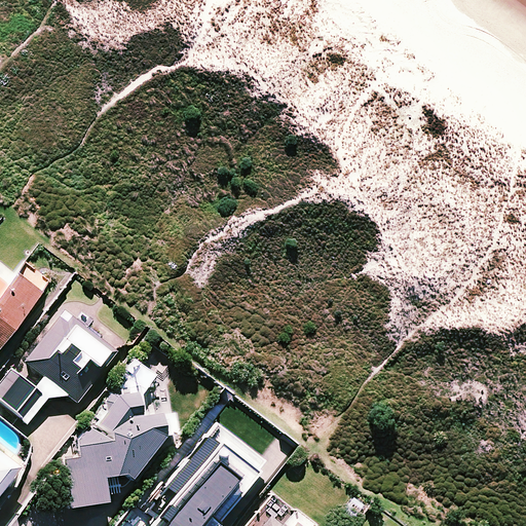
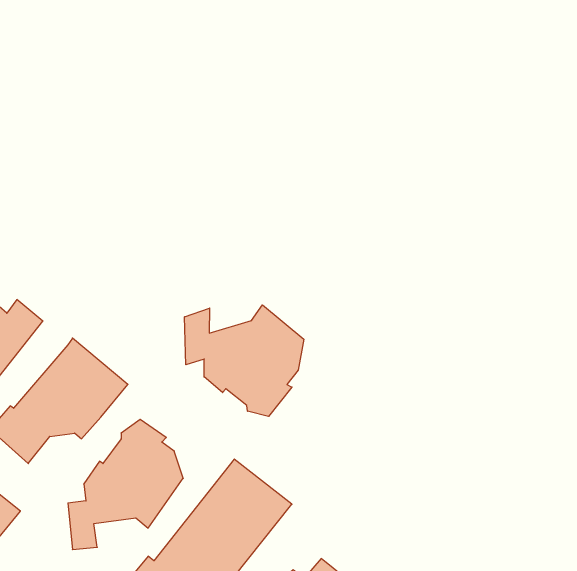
building: none -> [185,305,304,416]

